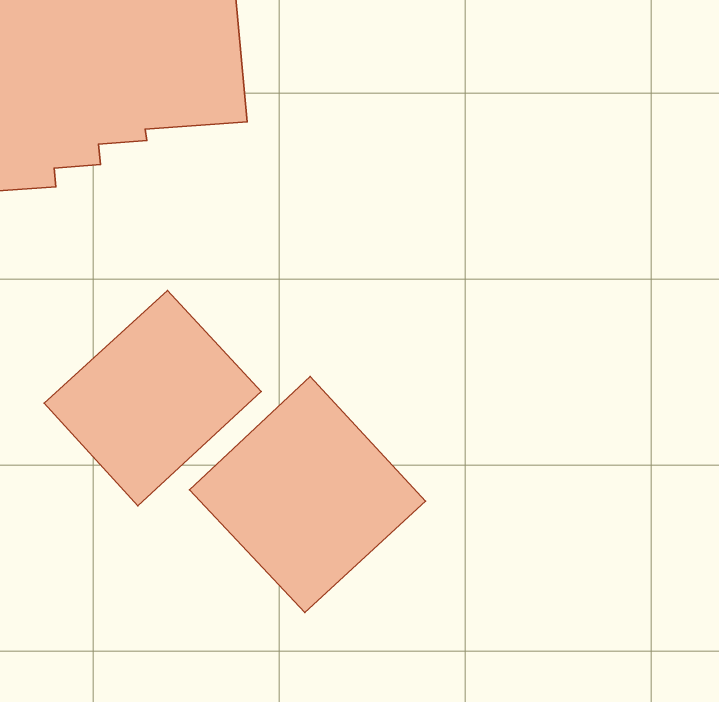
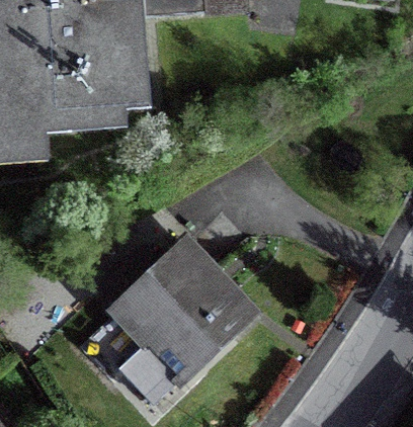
building: [44,290,261,506] -> none

